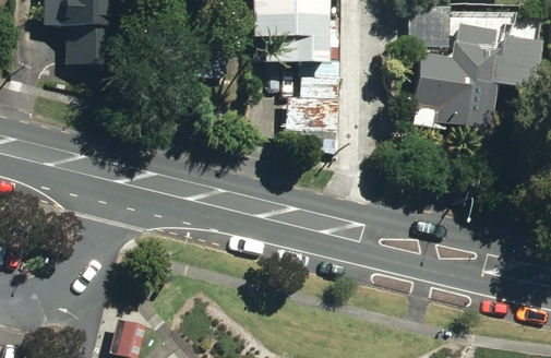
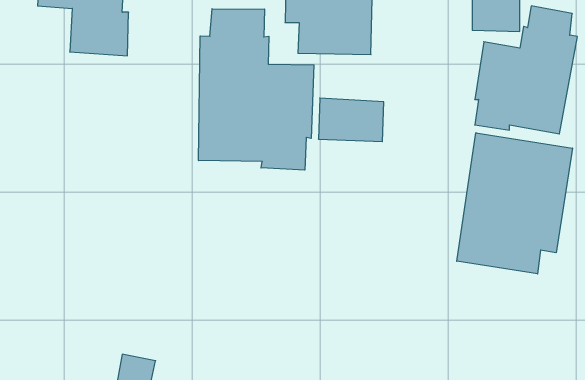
building: none -> [199,9,314,170]
building: none -> [457,133,572,274]

